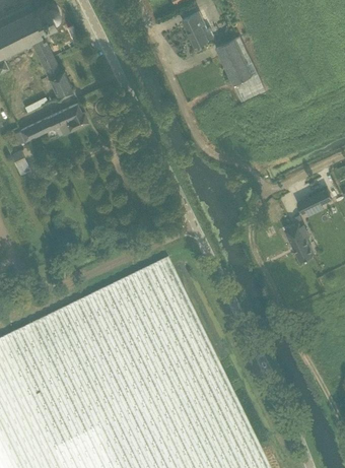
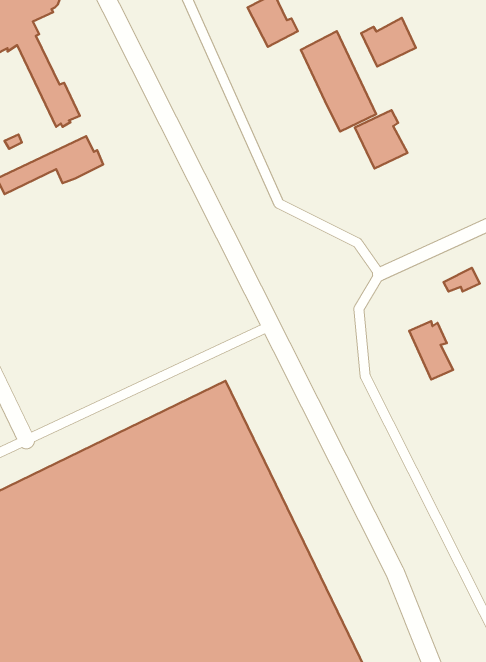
building: none -> [361,18,416,67]
building: none -> [355,110,408,168]

